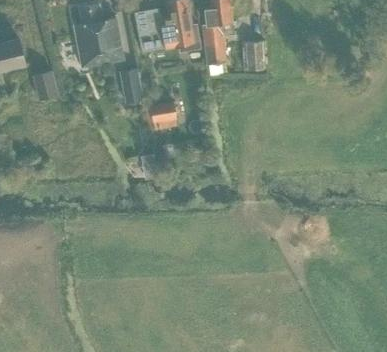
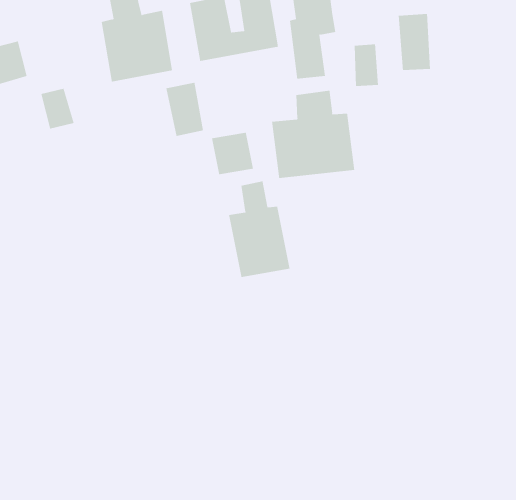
building: none -> [398,13,431,71]
building: none -> [272,90,355,179]
building: none -> [228,180,290,278]

